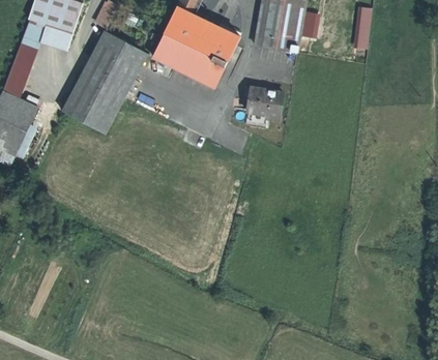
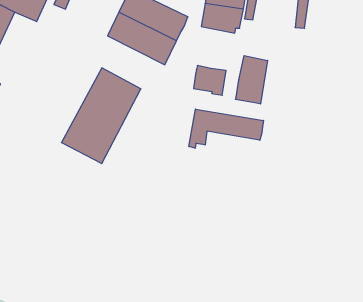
building: [62,30,148,133] -> [61,68,141,164]
building: none -> [236,56,268,104]
building: none -> [189,109,263,148]

